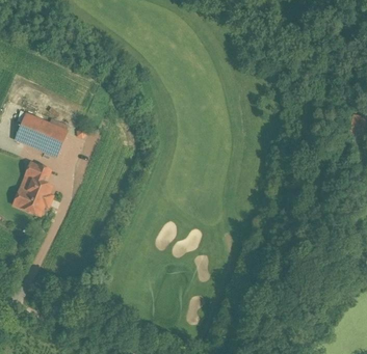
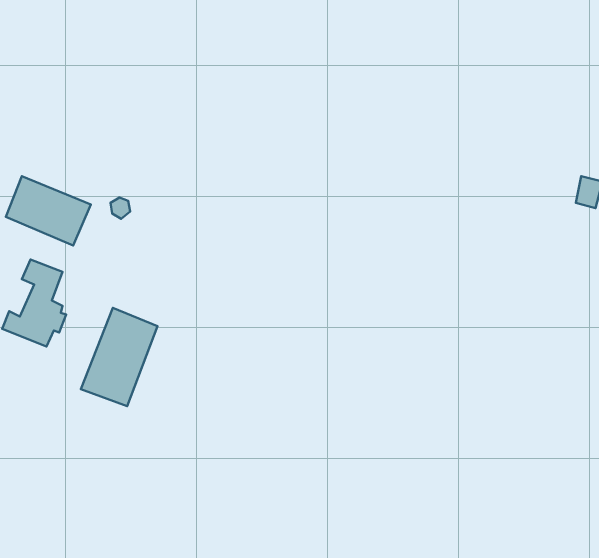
building: none -> [81,308,158,406]

